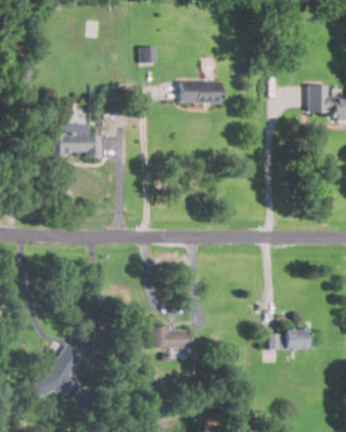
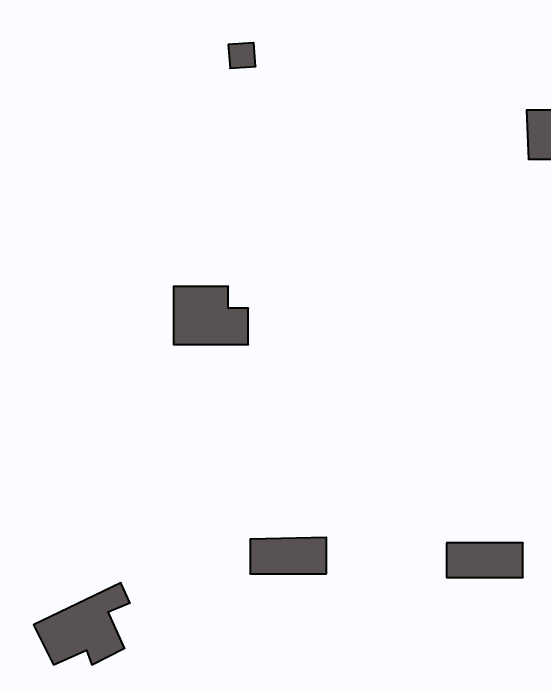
building: [179,83,218,104] -> none
building: [61,123,103,156] -> [174,286,248,345]

